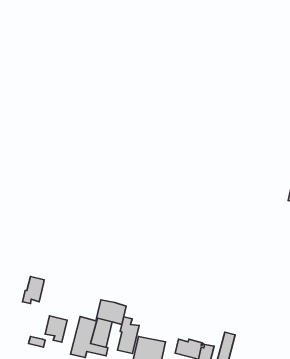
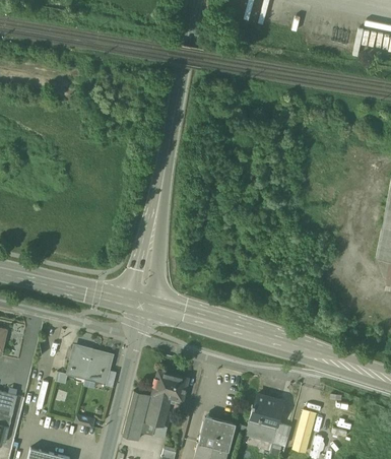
building: [45,316,67,342] -> [86,352,112,383]
building: [118,317,139,354] -> none
building: none -> [249,394,282,424]

